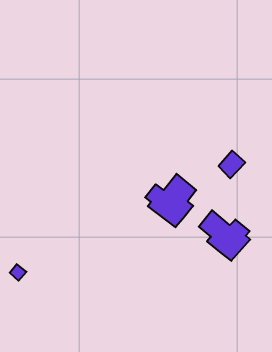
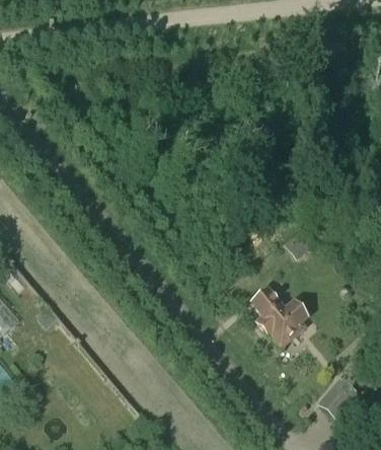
building: [145,174,196,227] -> none

